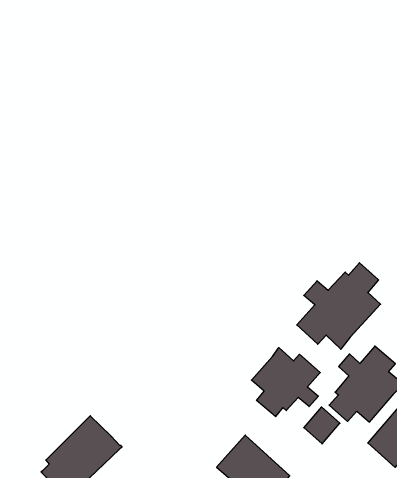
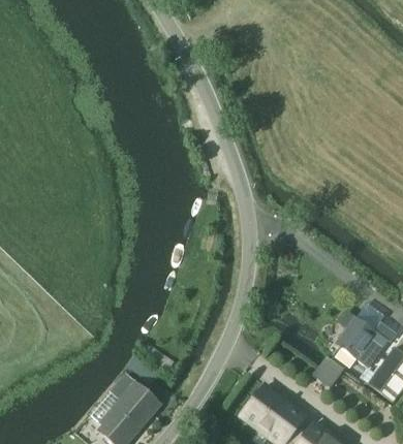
building: [297,263,381,349] -> none
building: [251,348,320,417] -> none

